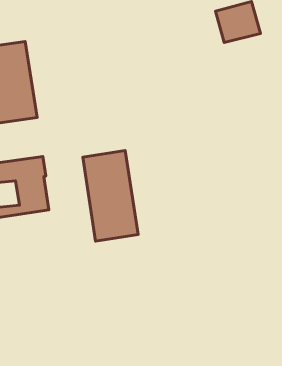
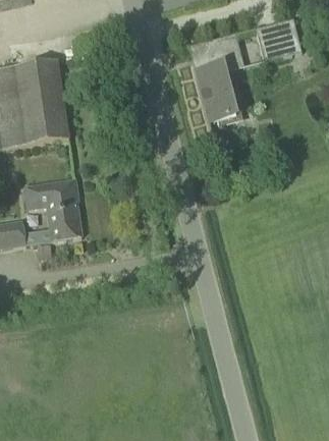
building: none -> [193,33,242,122]
building: [83,150,138,241] -> none

